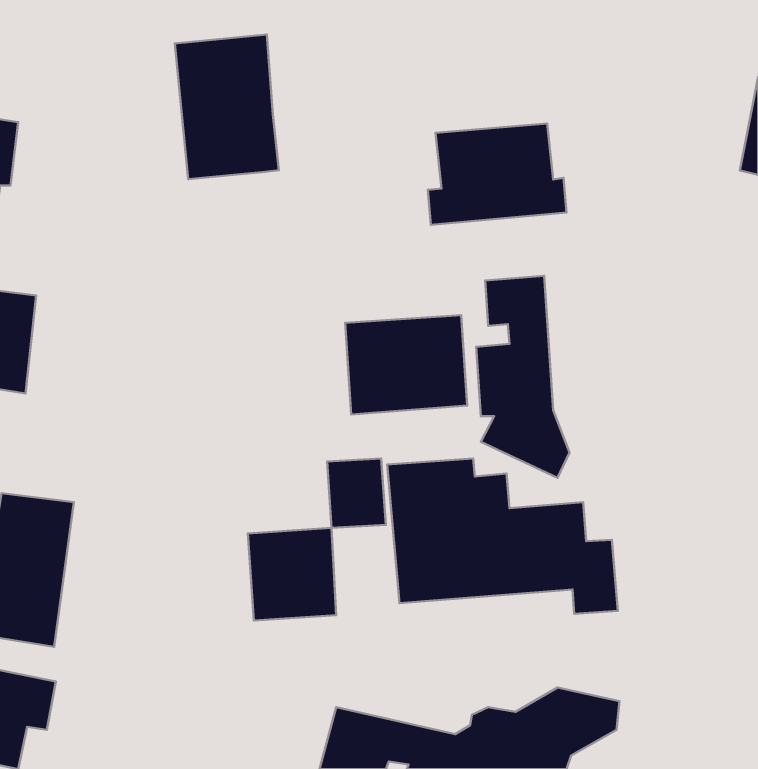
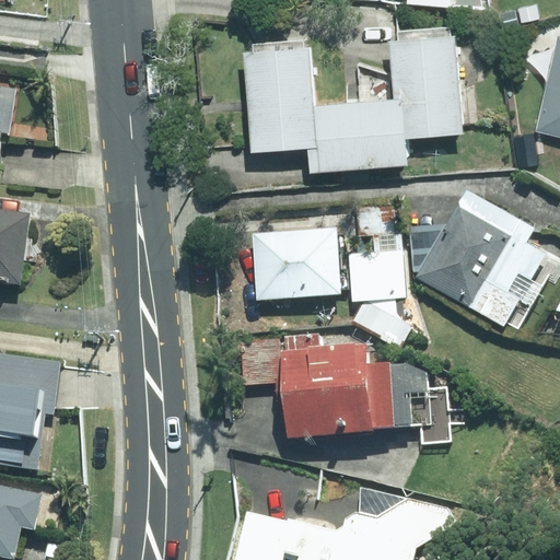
building: [175,35,279,179] -> [245,38,320,143]
building: none -> [392,26,466,130]
building: none -> [411,188,546,329]
building: [248,528,336,621] -> none

